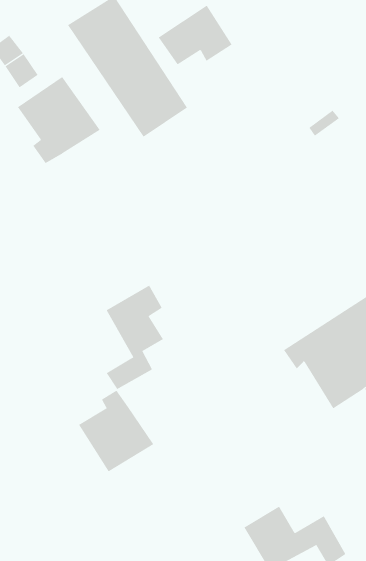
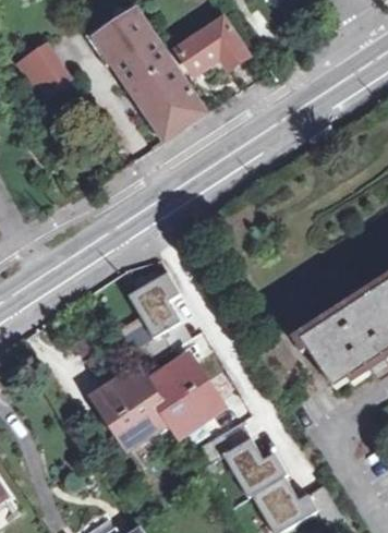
building: [17,76,100,164] -> none
building: none -> [148,362,222,427]
building: none -> [191,431,288,495]

